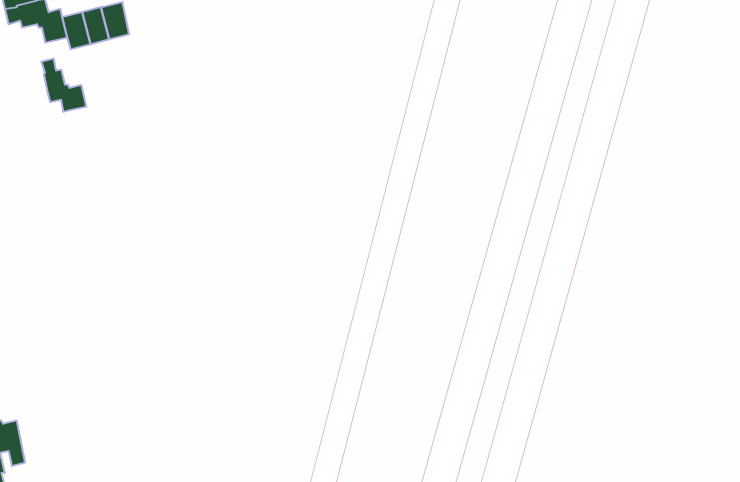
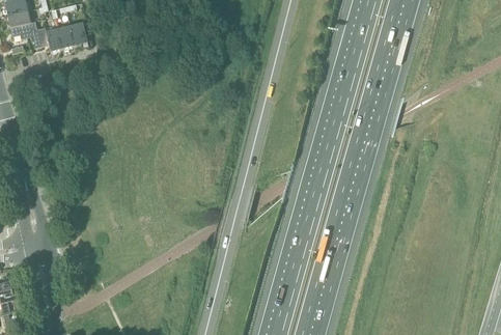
building: [42,59,86,112] -> none

